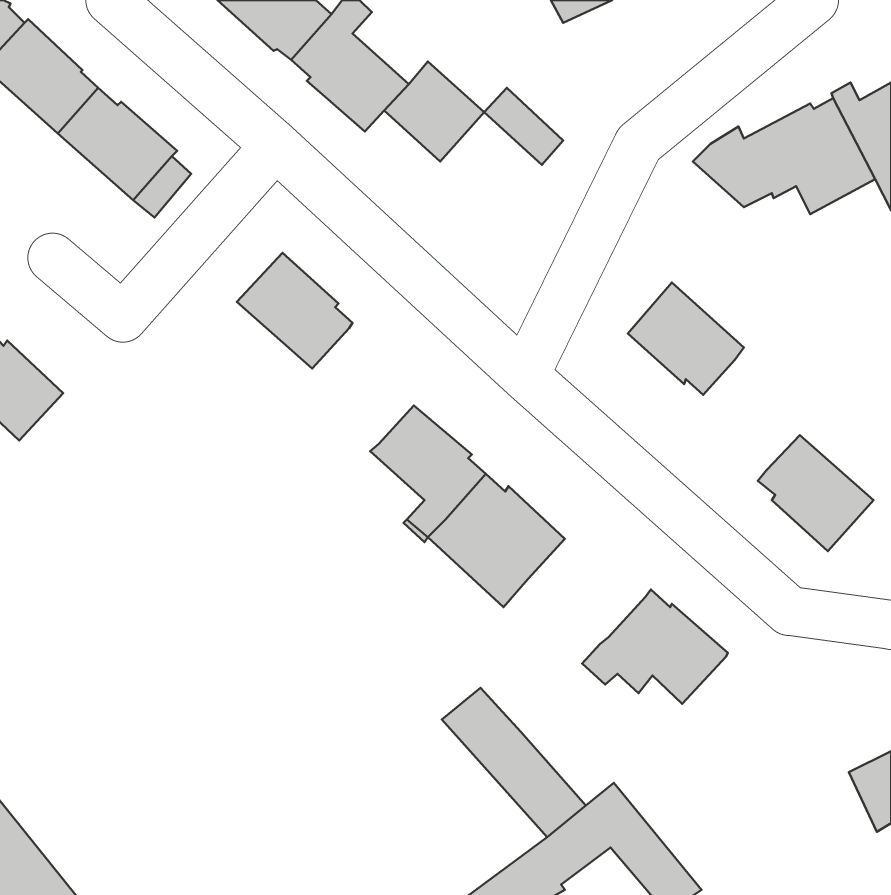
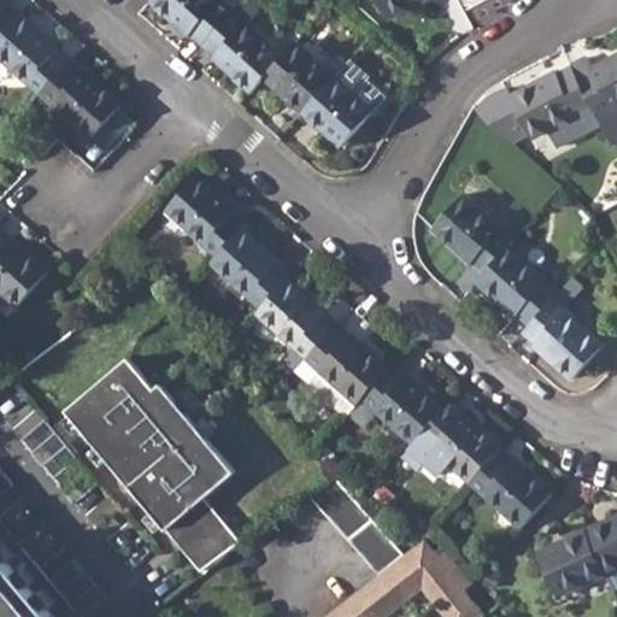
building: none -> [302,78,372,148]
building: none -> [208,227,288,306]
building: none -> [474,248,556,324]
building: none -> [64,357,240,571]
building: none -> [363,369,443,443]
building: none -> [469,452,553,530]
building: none -> [536,531,603,594]

